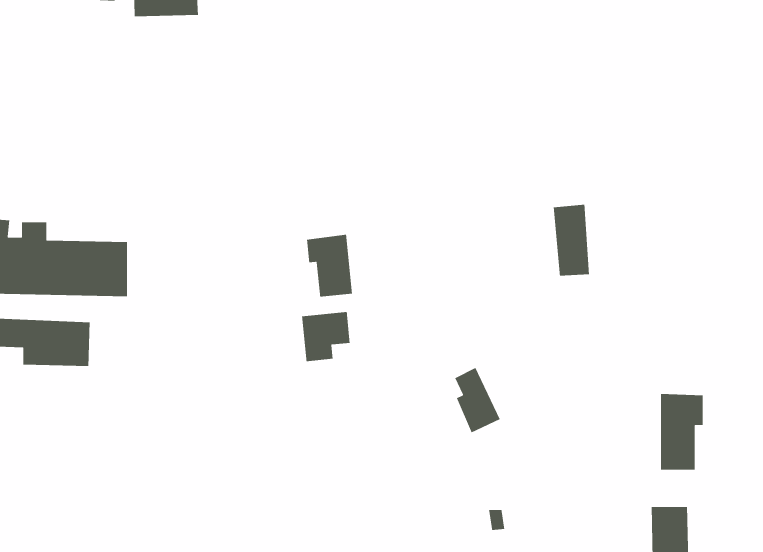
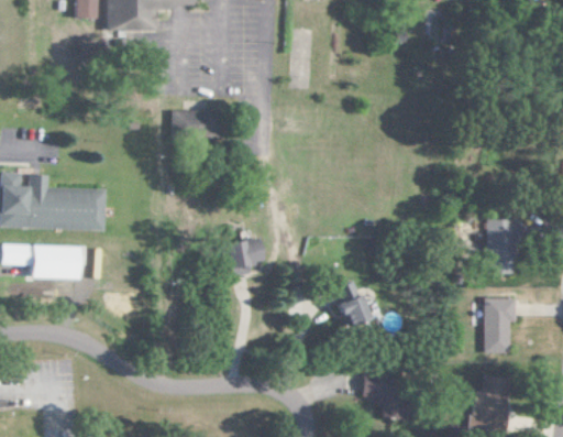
building: none -> [172,110,220,138]
building: [553,204,590,276] -> [486,220,512,272]
building: [306,234,353,297] -> none

